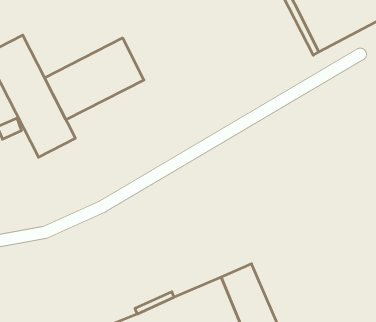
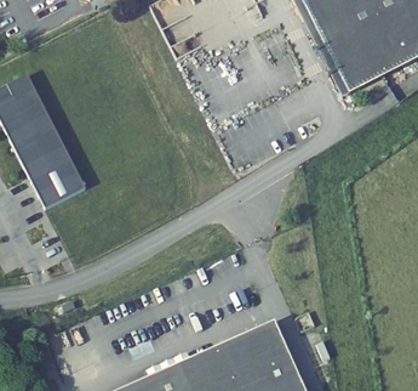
building: [45,38,144,120] -> none

